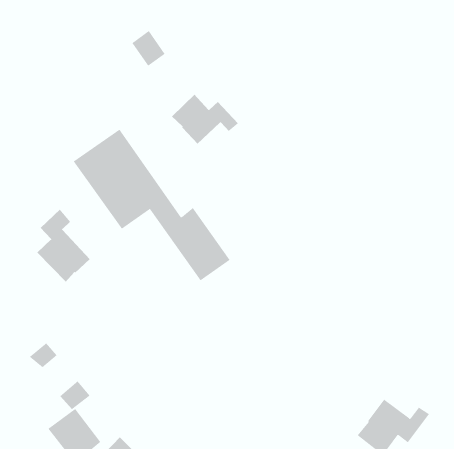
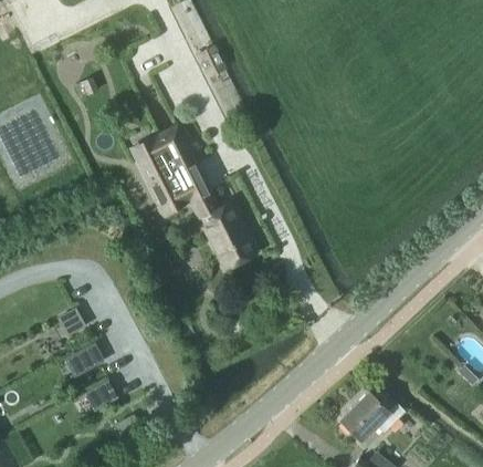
building: [171,94,239,144] -> none
building: [37,209,91,283] -> none

